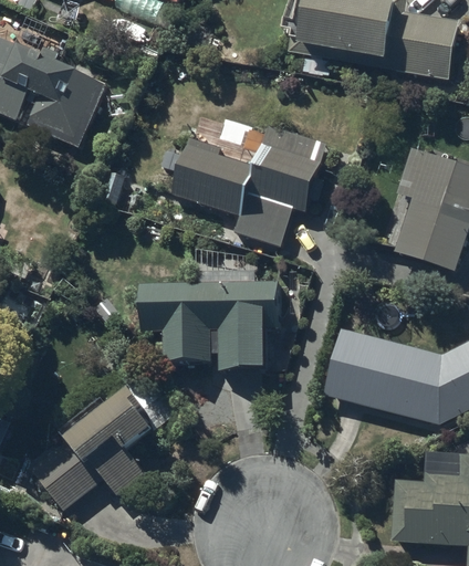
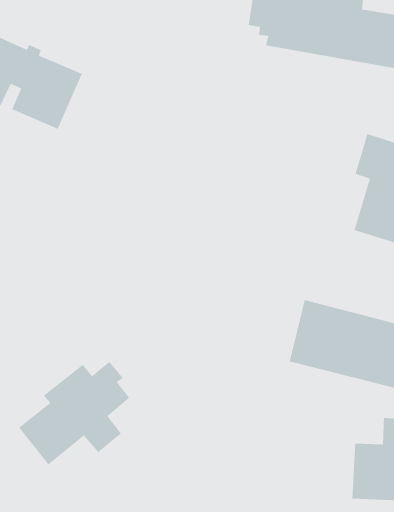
building: [169,127,326,249] -> none
building: [138,268,277,373] -> none

